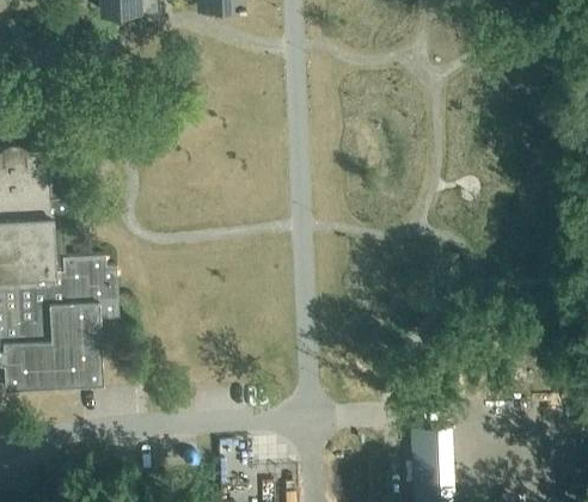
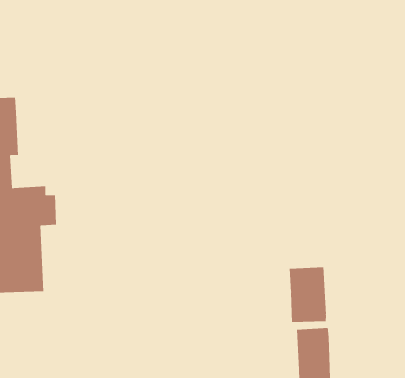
building: none -> [289,266,326,323]

